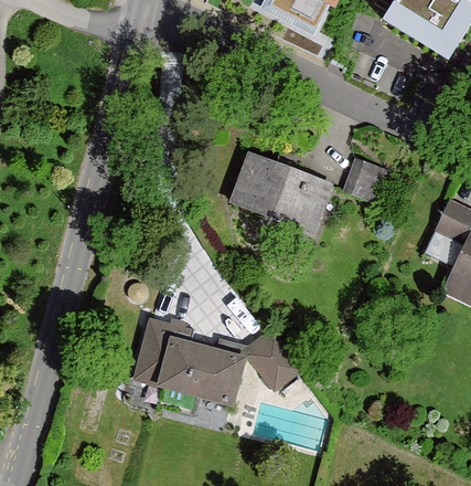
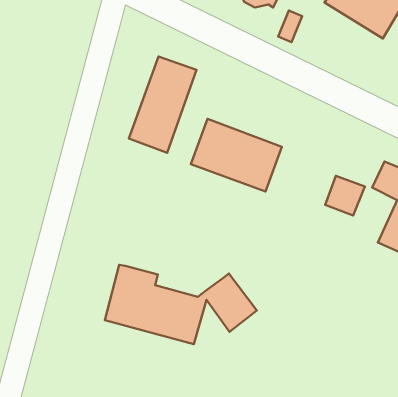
building: none -> [129,56,197,153]
building: [344,157,389,202] -> [325,176,365,216]

